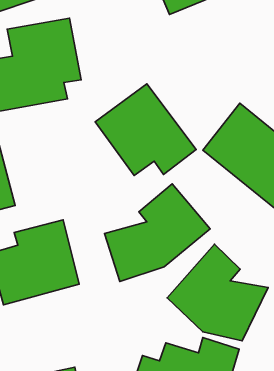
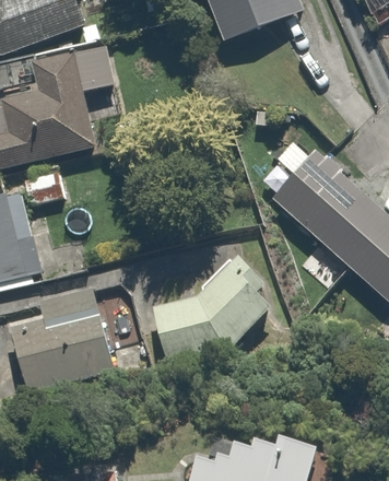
building: [95,84,196,176] -> none
building: [167,244,268,341] -> none

